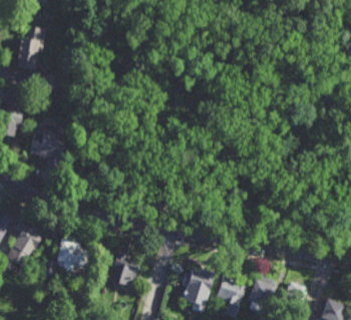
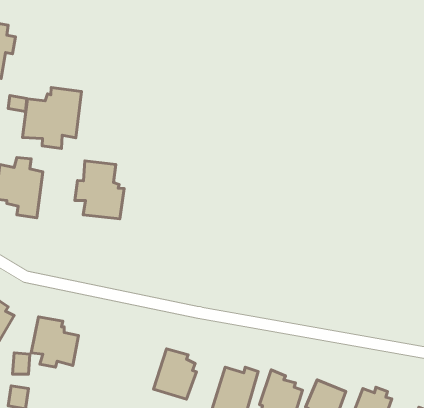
building: none -> [23,87,81,148]
building: none -> [75,161,124,219]
building: [108,253,138,288] -> [154,349,197,399]

